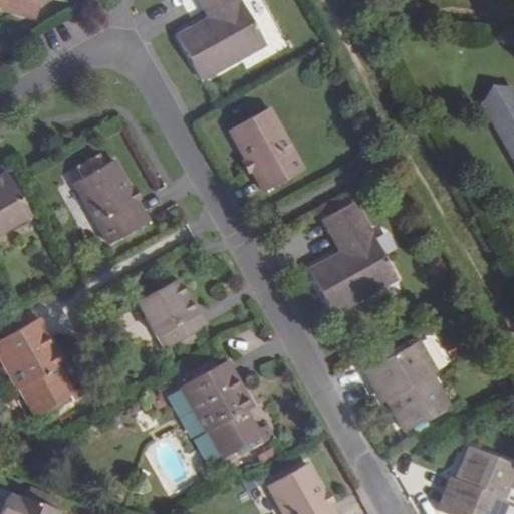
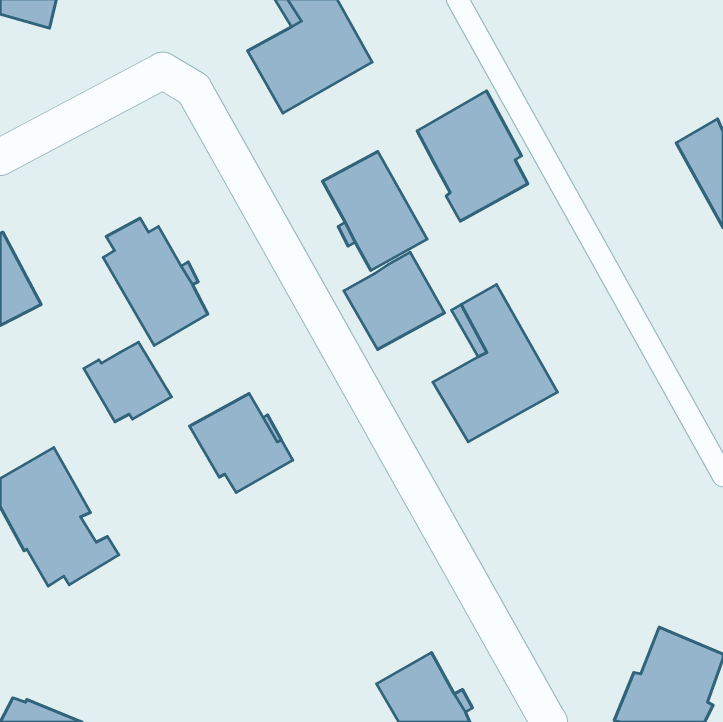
building: none -> [417,91,528,221]
building: none -> [344,252,445,350]
building: none -> [84,342,172,422]
building: [364,341,448,432] -> none
building: [180,361,273,458] -> none

